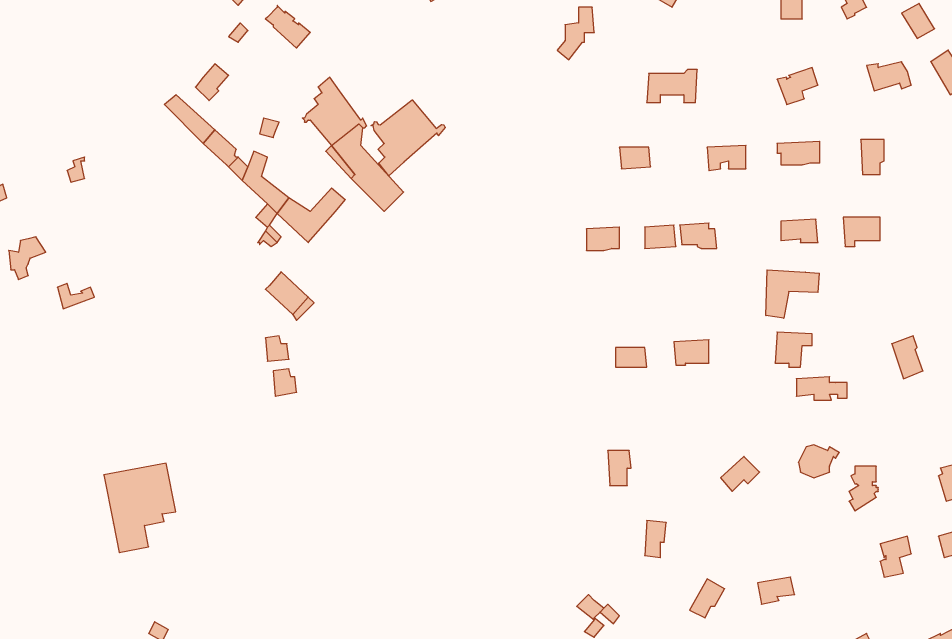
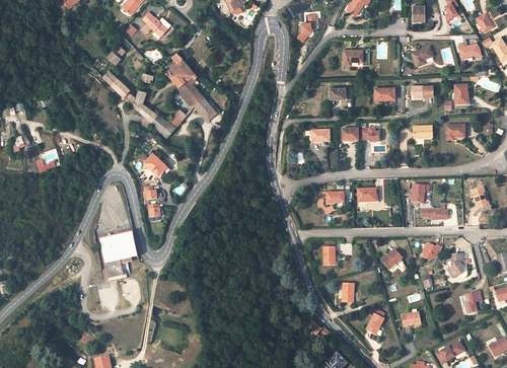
building: [371,100,445,176] -> none
building: [766,270,819,318] -> none
building: [104,463,176,553] -> [99,231,137,278]

